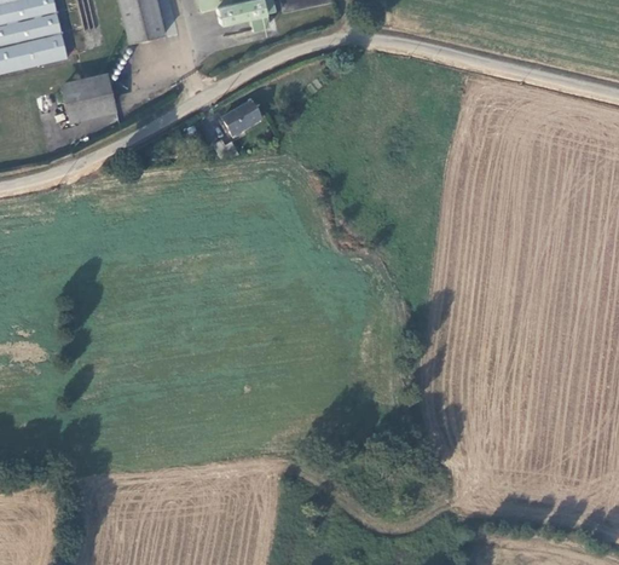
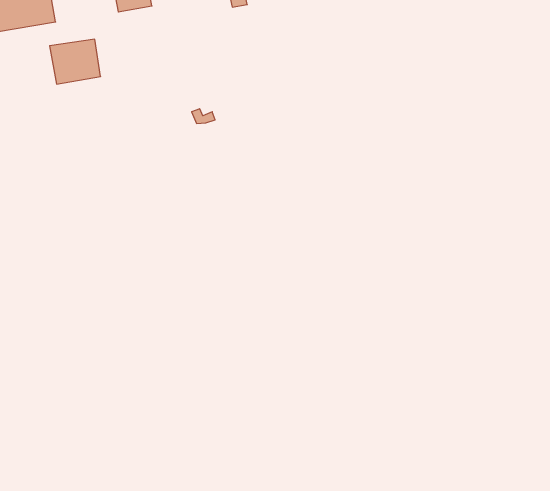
building: [224,102,261,133] -> none

